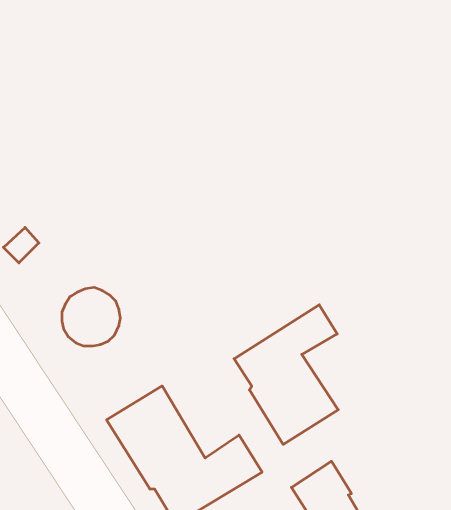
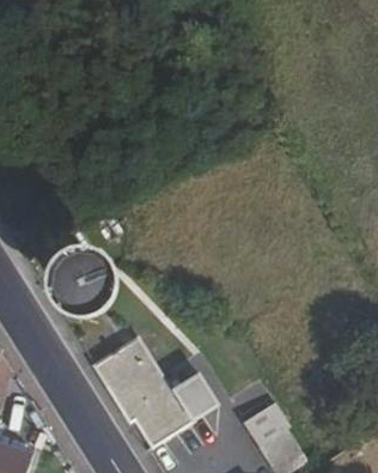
building: [234,305,338,444] -> none

